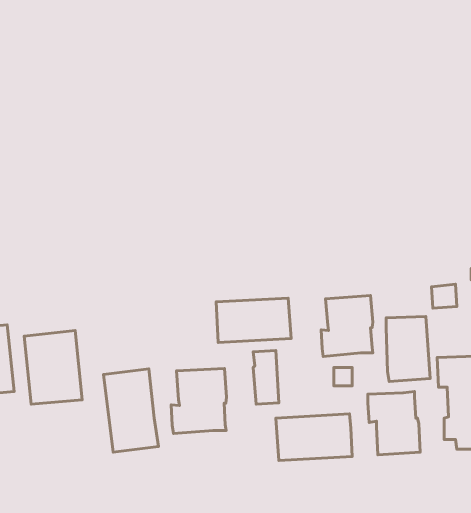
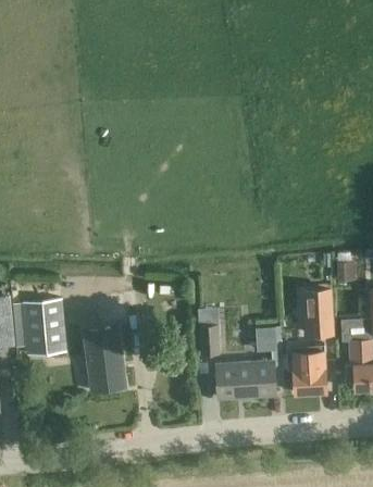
building: [321,296,373,356] -> none
building: [216,298,291,342] -> none
building: [171,368,227,434] -> none

